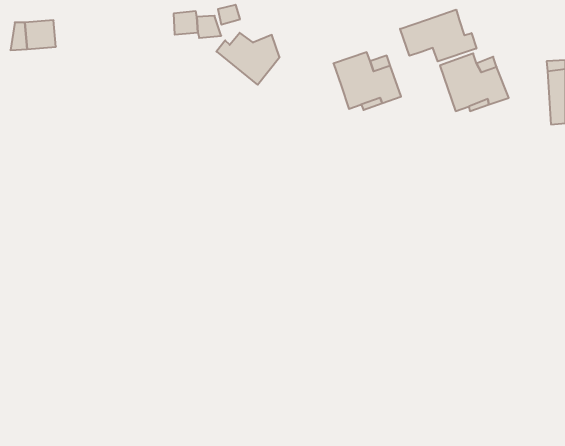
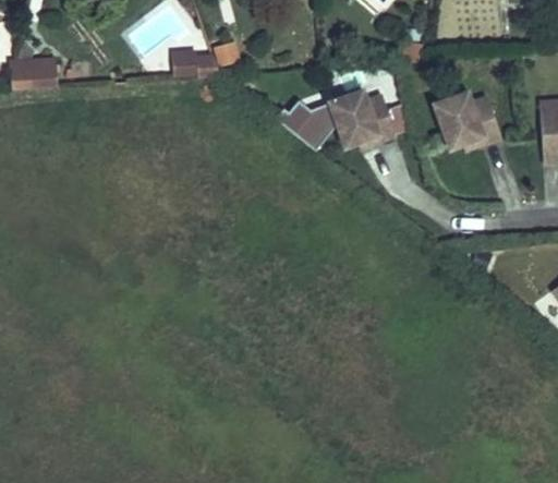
building: [400,10,476,61] -> none
building: [216,33,280,85] -> [275,98,337,149]

